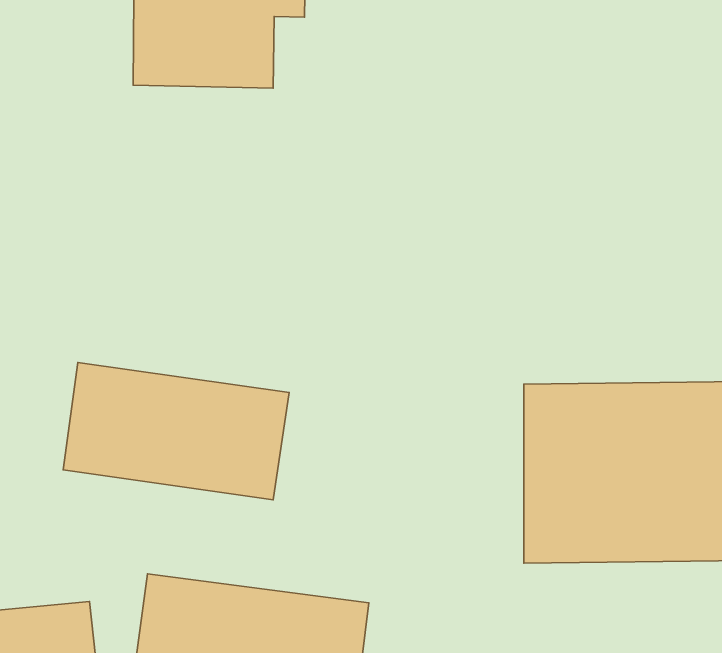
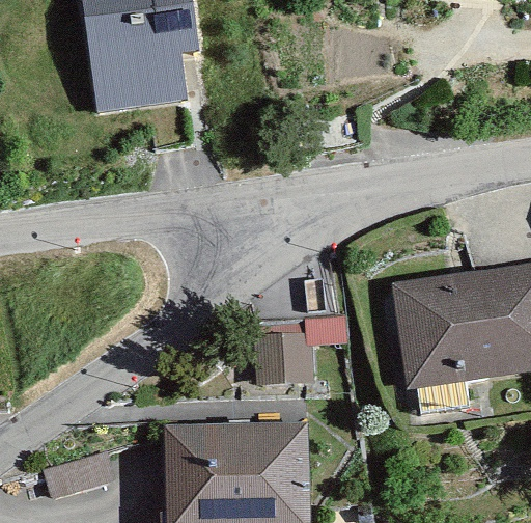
building: [63,362,289,500] -> none
building: none -> [260,319,353,390]

